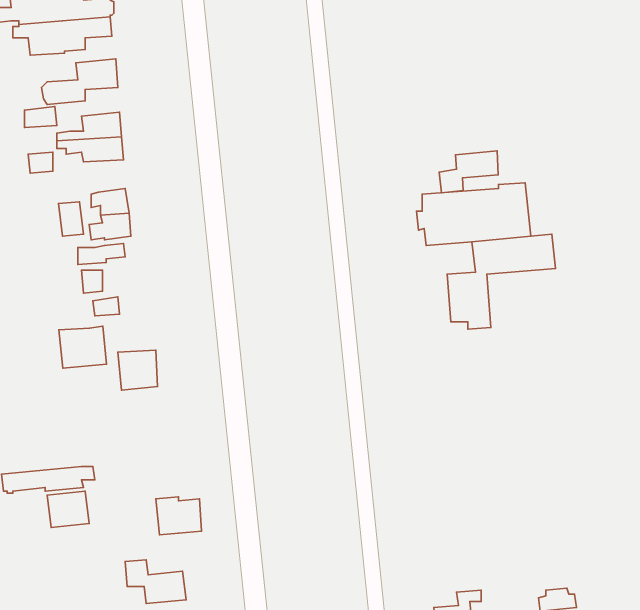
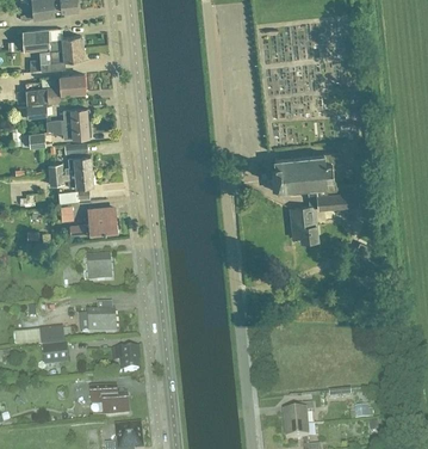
building: [439,151,498,193] -> none
building: [59,326,107,368] -> [87,207,117,233]
building: none -> [86,310,114,333]

